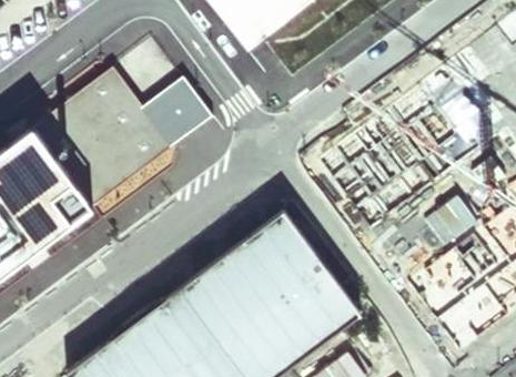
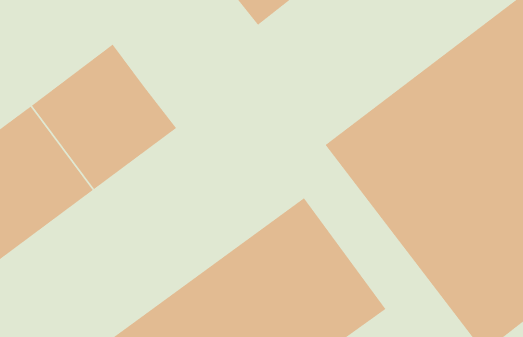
building: [142,75,213,145] -> none

